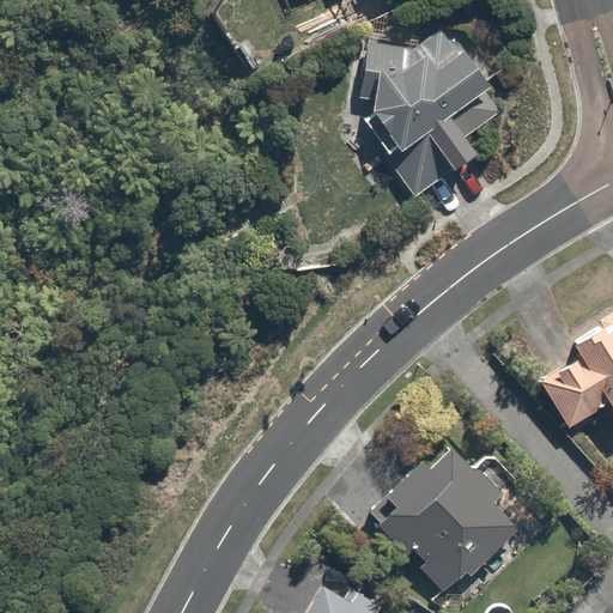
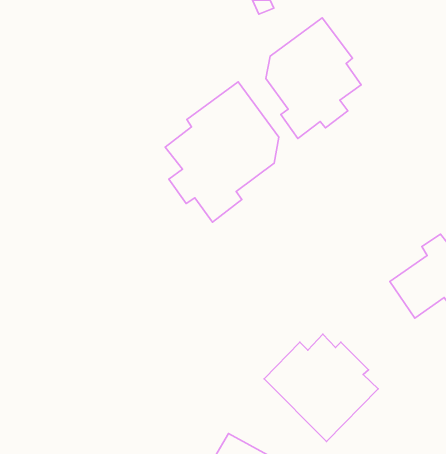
building: none -> [165,82,279,222]

